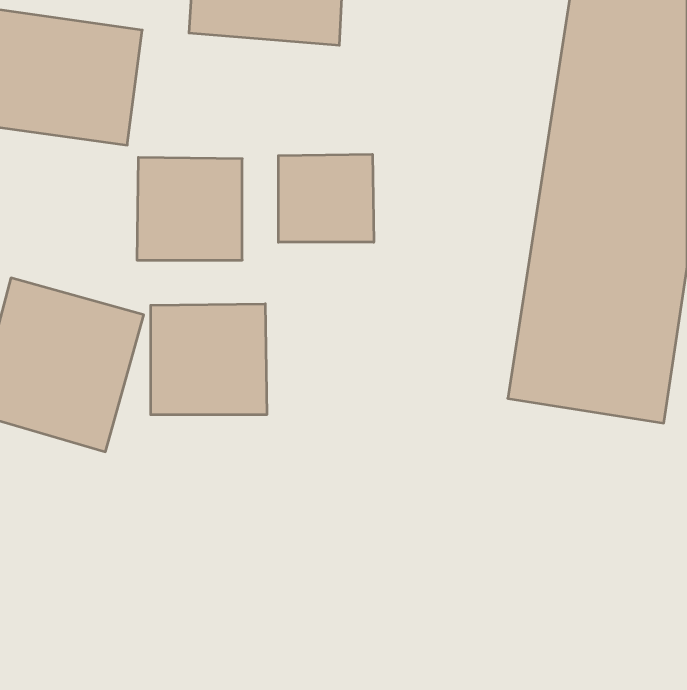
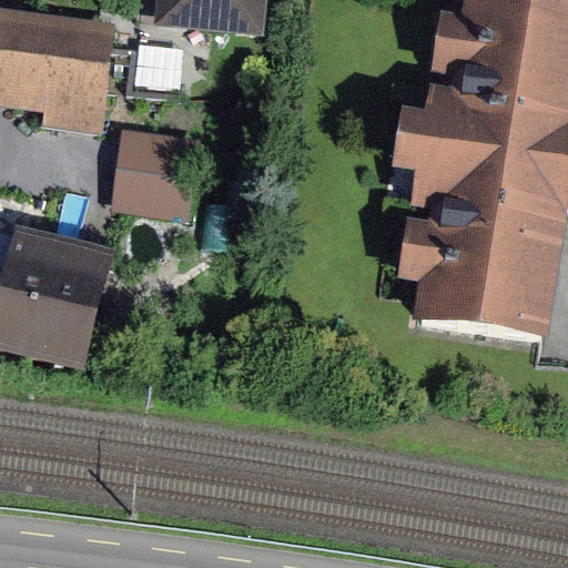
building: [278,154,374,242] -> none
building: [151,304,267,415] -> none

